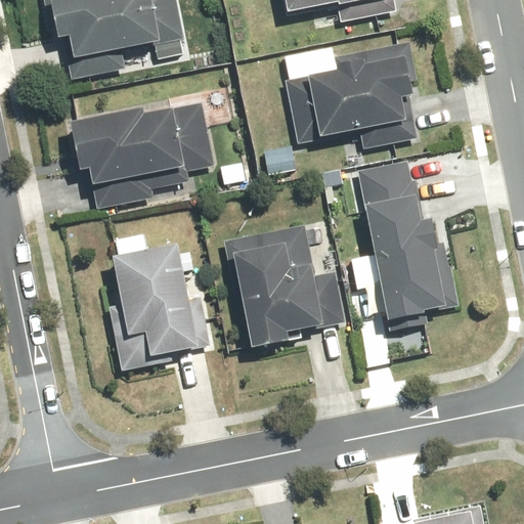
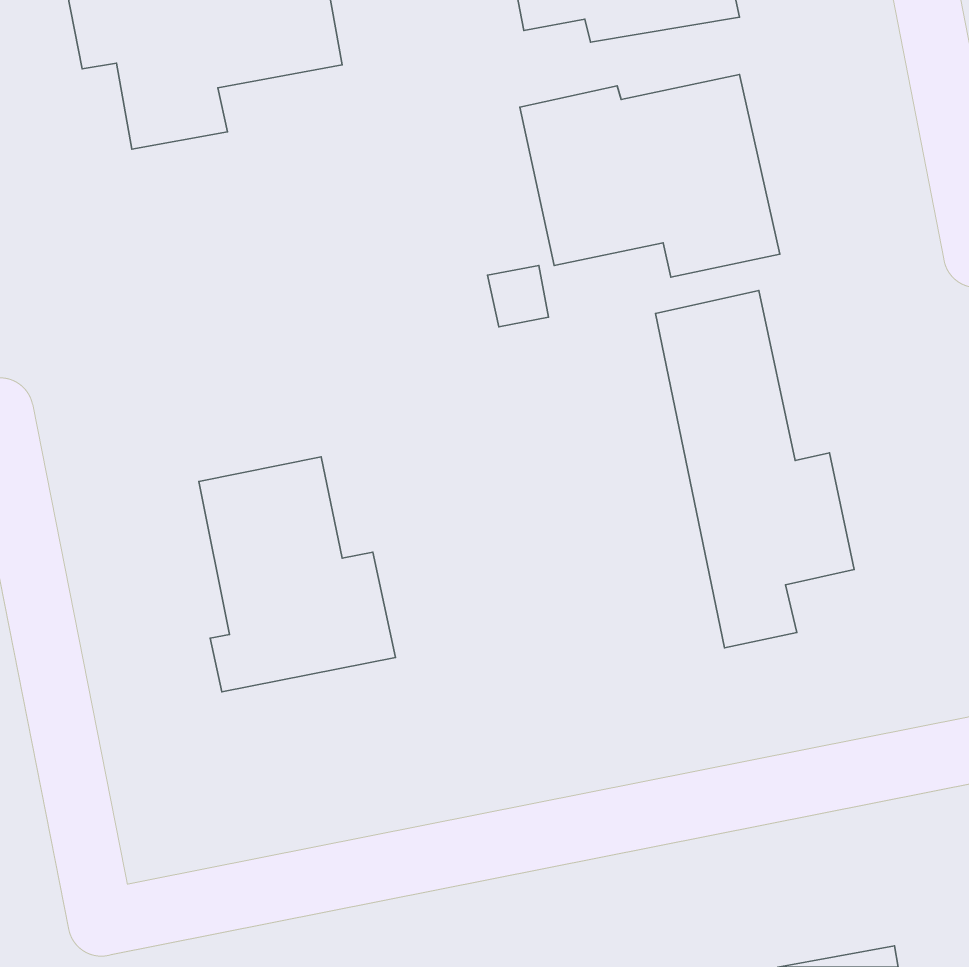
building: [68,98,215,207] -> none
building: [224,222,349,352] -> none

